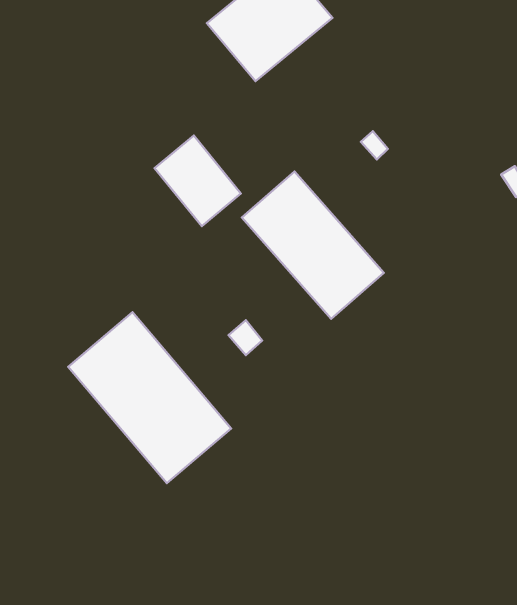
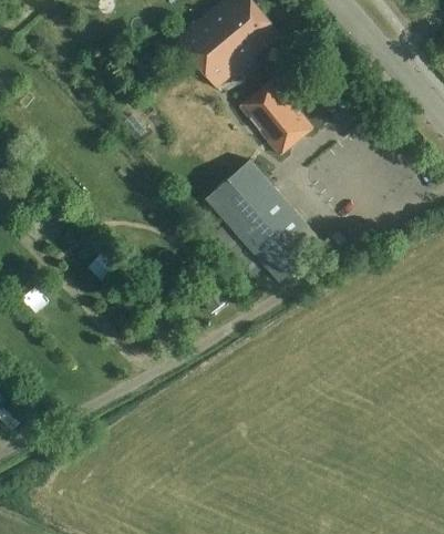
building: [155,136,241,226] -> [238,79,309,153]
building: [68,312,231,483] -> none

